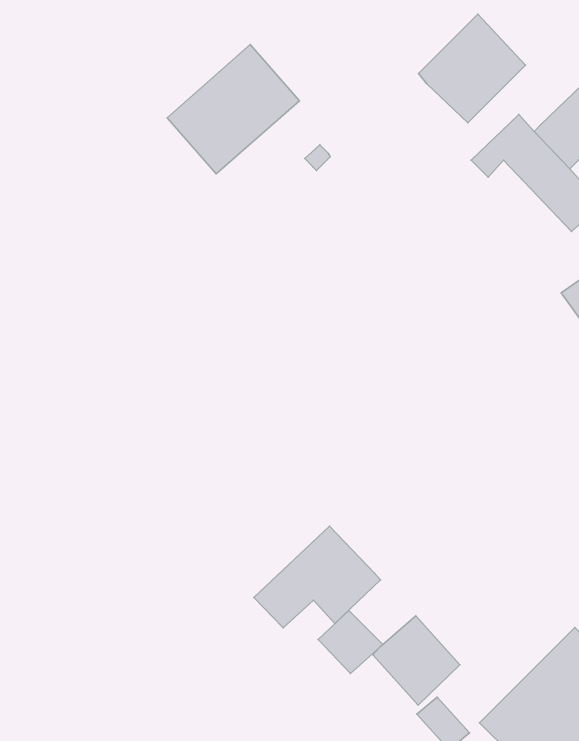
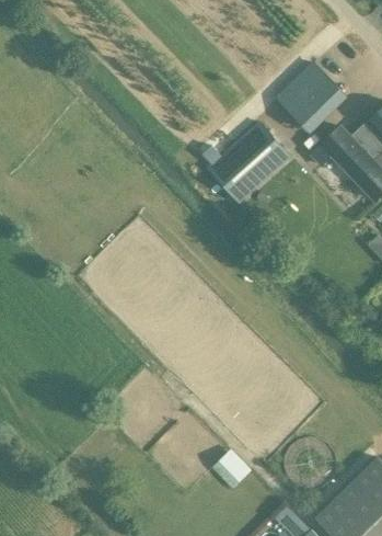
building: [167,45,300,174] -> [206,122,291,205]
building: [254,526,381,628] -> none
building: [373,616,460,705] -> none

